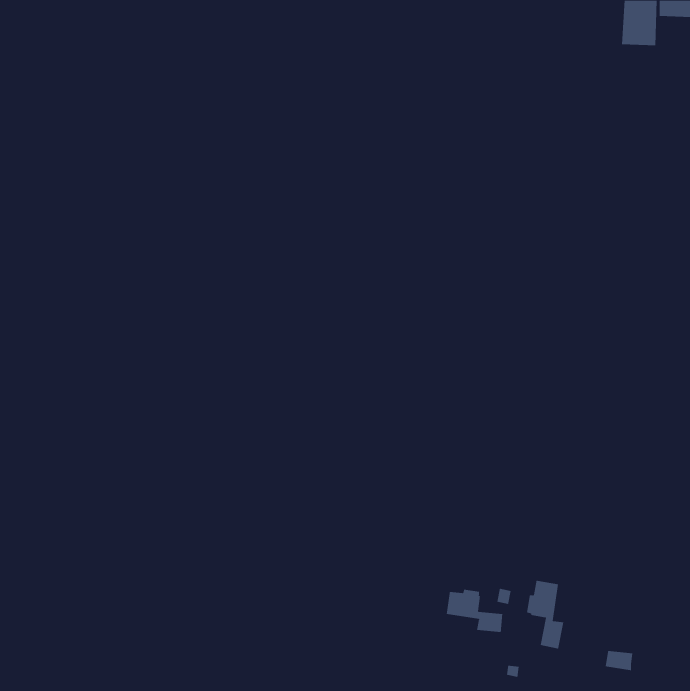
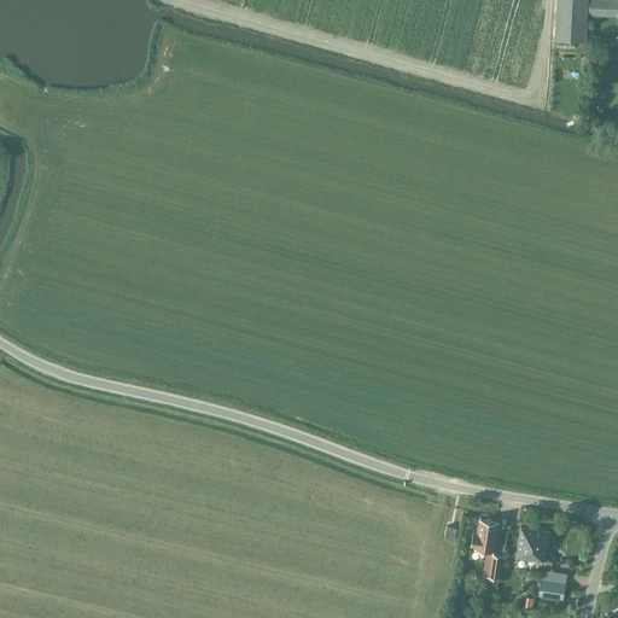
building: [446,589,503,633] -> none
building: none -> [518,526,550,561]

